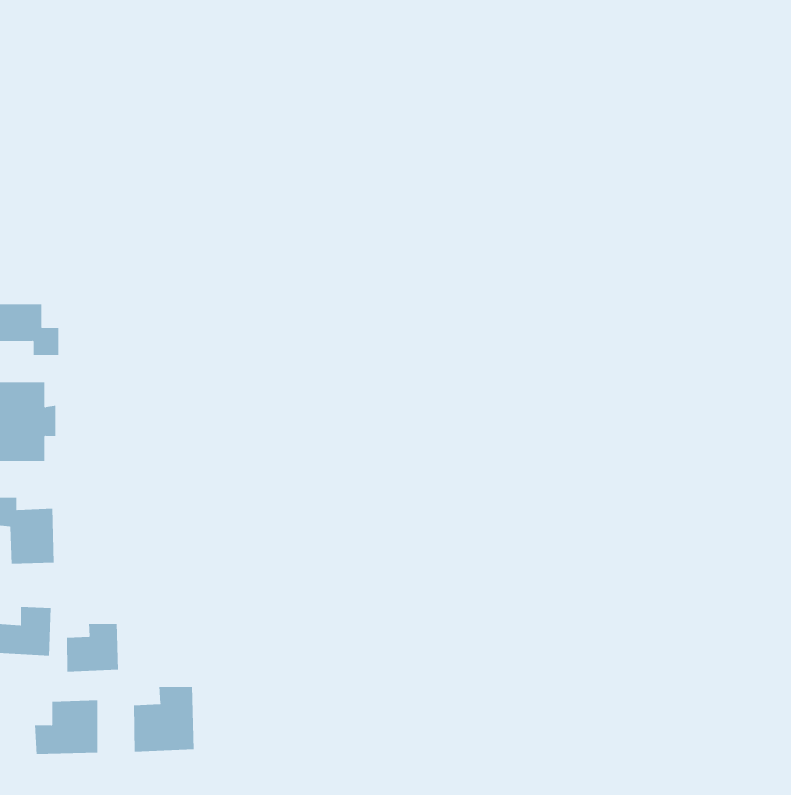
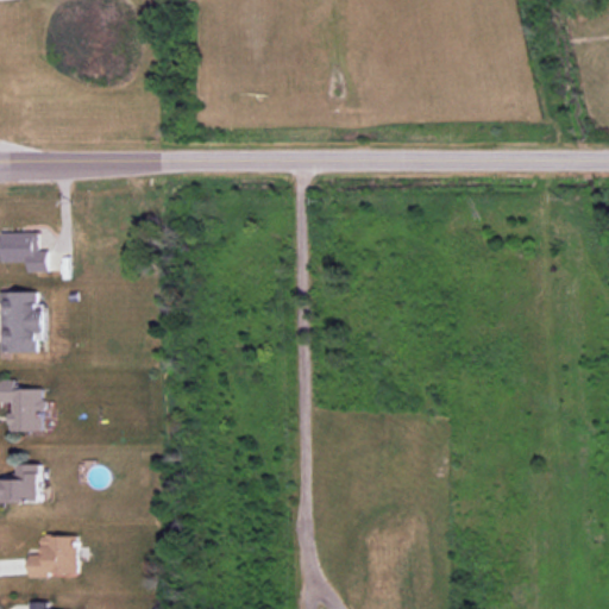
building: [66,623,118,672] -> none
building: [134,686,194,753] -> none

